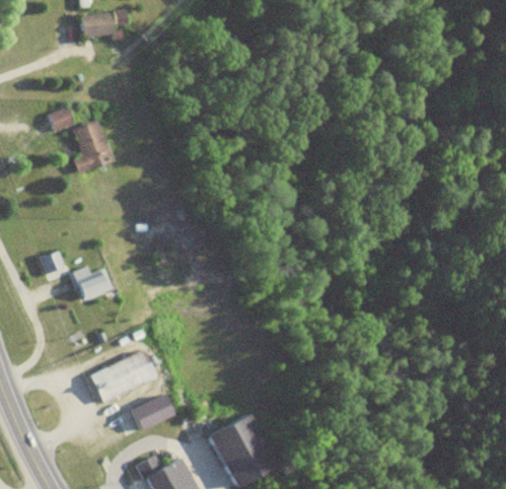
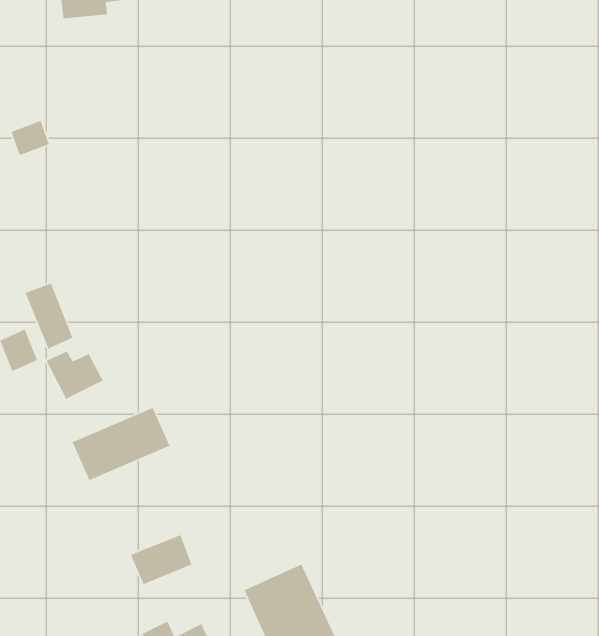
building: [74,121,113,173] -> none
building: none -> [25,283,74,349]
building: [88,351,157,403] -> [71,407,171,481]

